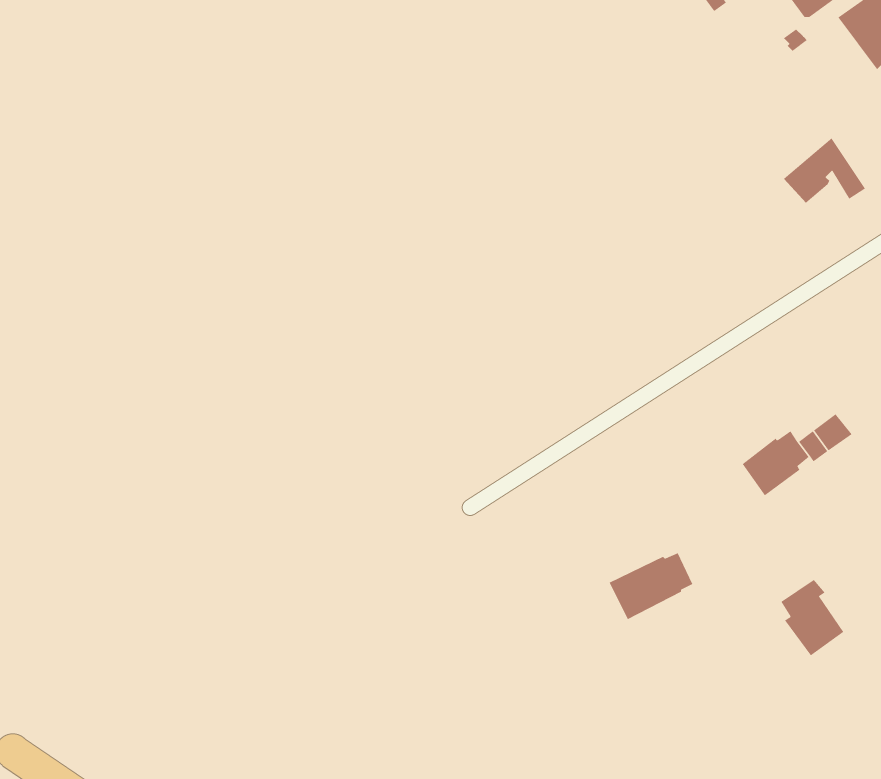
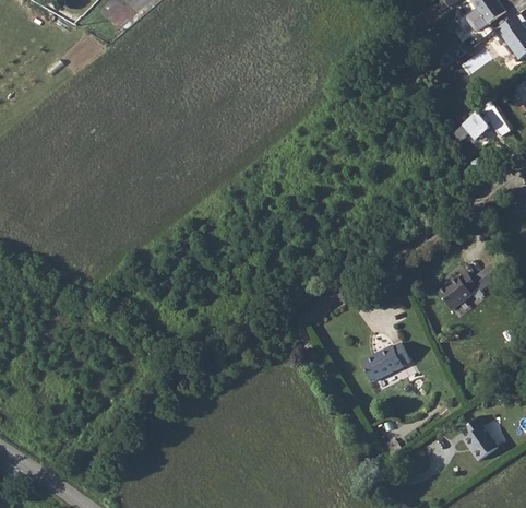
building: [780,579,844,656] -> [461,415,498,460]

